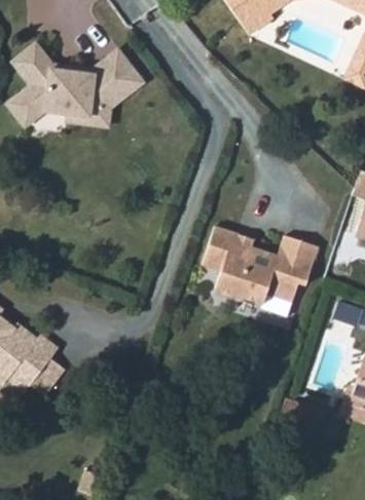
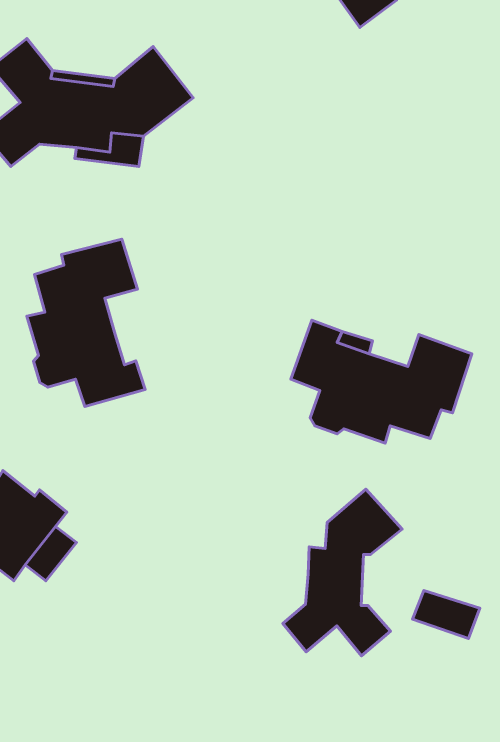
building: none -> [27,239,145,407]
building: none -> [283,489,402,656]

